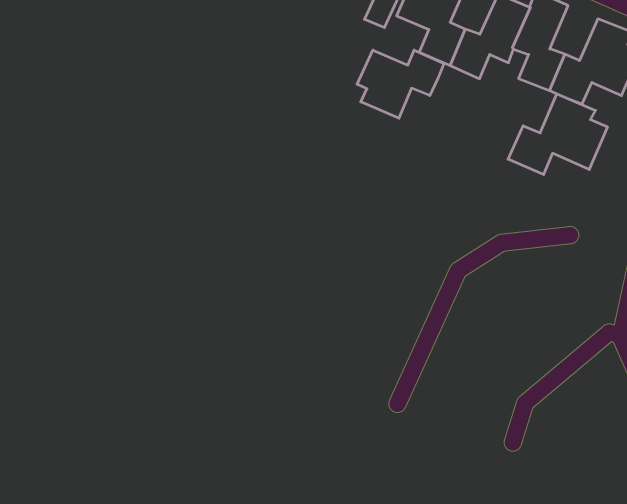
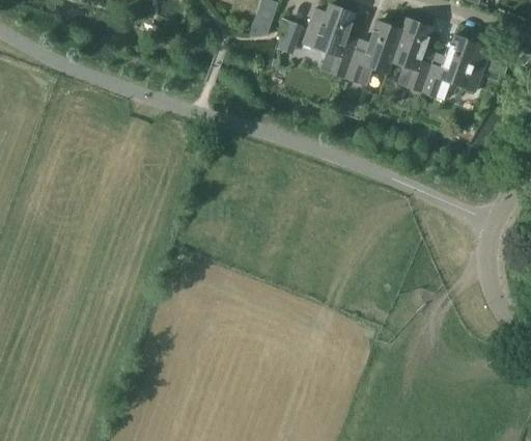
building: [357,50,444,118] -> none
building: [508,94,607,175] -> none

